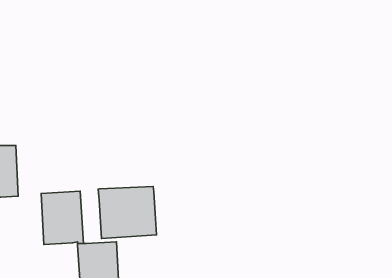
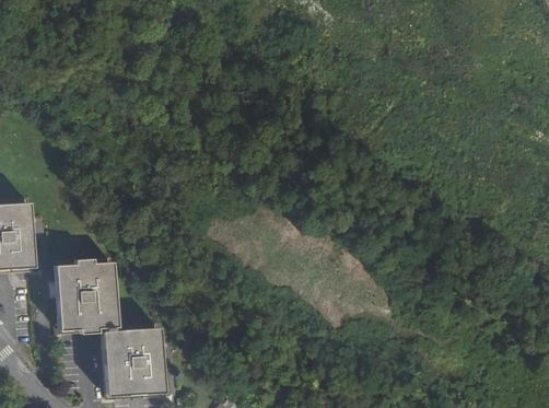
building: [98,187,156,238] -> none

